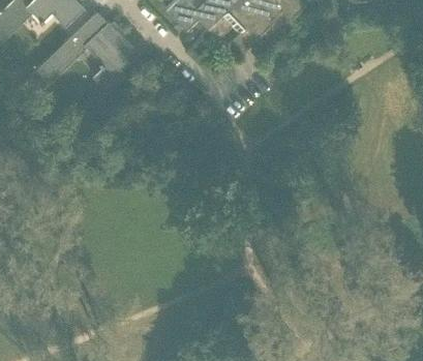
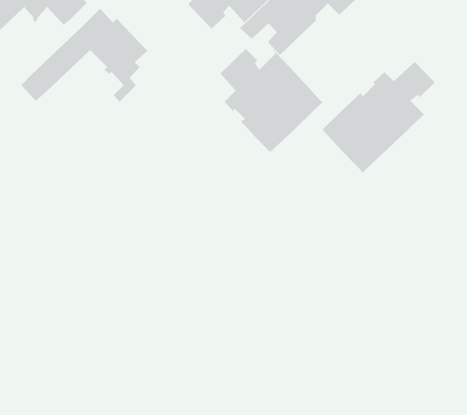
building: none -> [220,48,324,153]
building: none -> [322,61,435,174]

